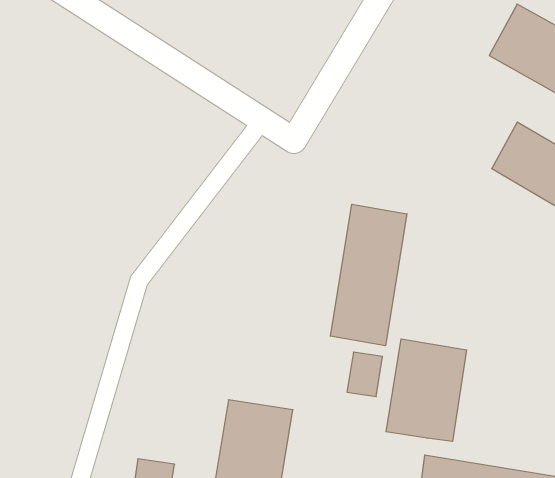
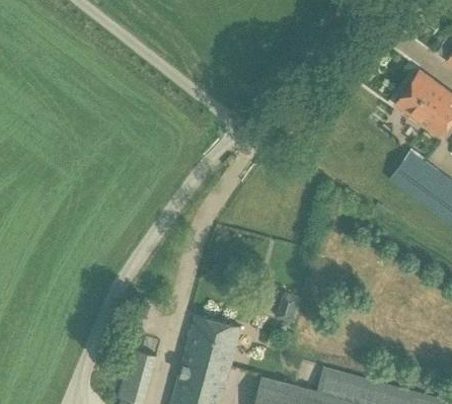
building: [331,204,407,346] -> none
building: [386,339,466,441] -> none

